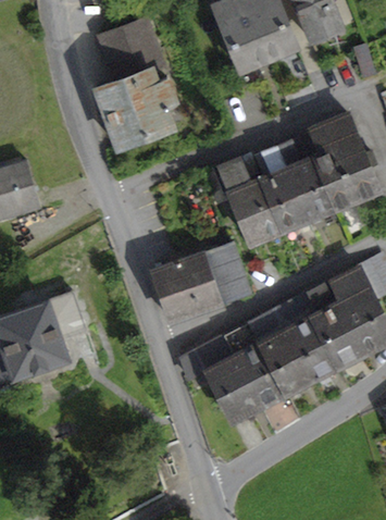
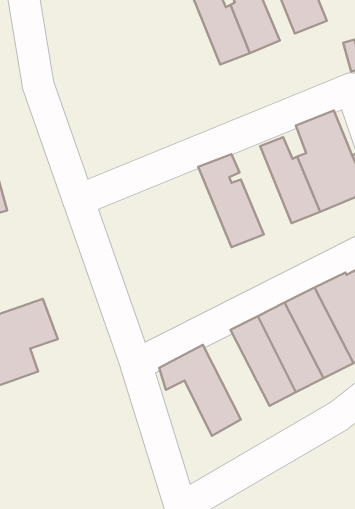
building: [96,21,183,148] -> none
building: [256,148,307,232] -> none
building: [152,245,248,321] -> none
building: [223,322,286,407] -> none

